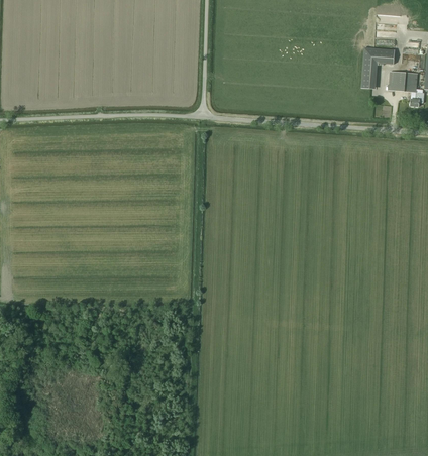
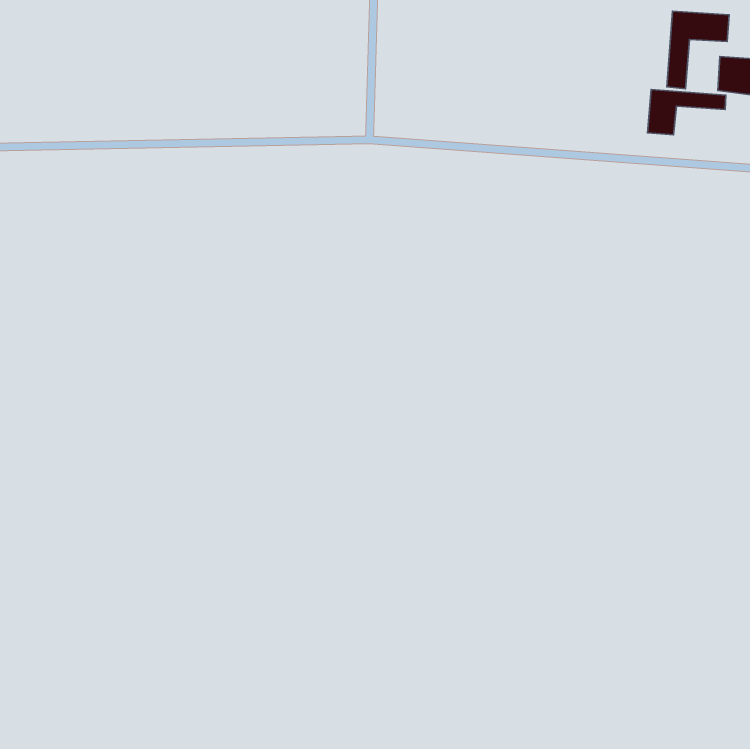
building: none -> [648,90,726,135]

